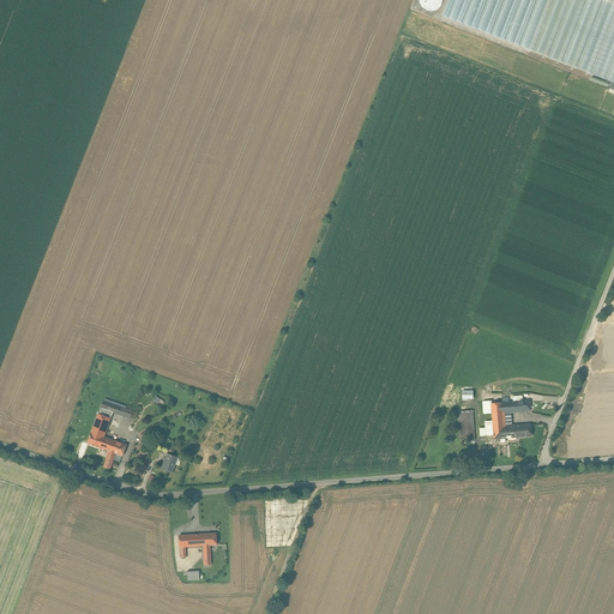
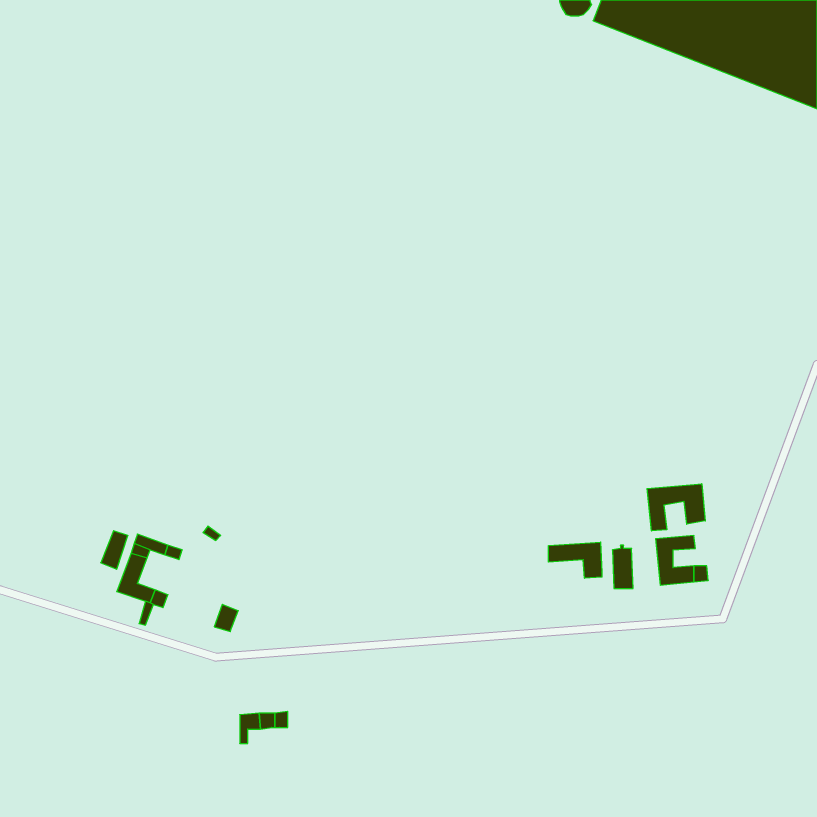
building: none -> [647,484,705,531]
building: none -> [549,542,602,578]

